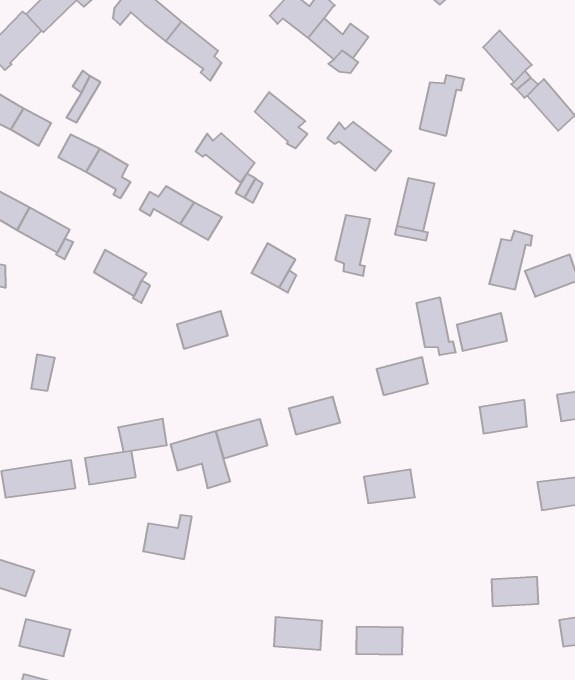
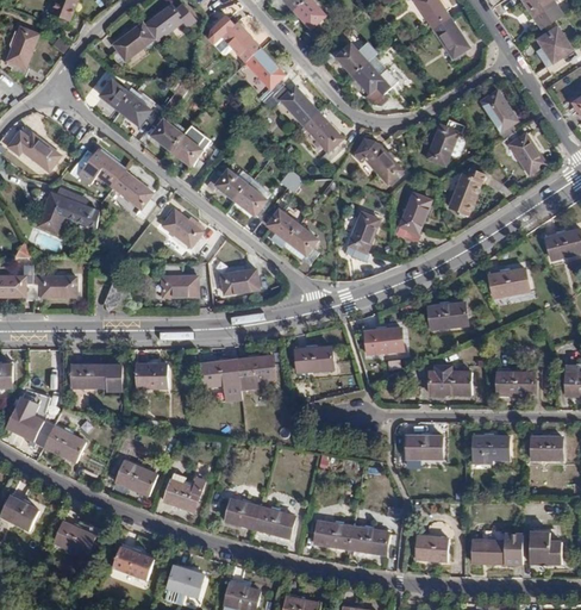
building: [196,133,255,183] -> [274,83,317,124]
building: none -> [265,210,298,247]
building: [489,231,532,289] -> [448,170,486,214]
building: [416,297,456,355] -> none
building: [118,419,167,452] -> [162,275,196,295]
building: [364,469,415,503] -> [402,435,438,456]
building: [143,515,192,559] -> [163,477,204,510]
building: [492,577,538,606] -> [411,536,448,560]
building: none -> [220,497,260,527]
building: [19,619,71,656] -> [111,460,151,492]
building: none -> [350,528,388,553]

